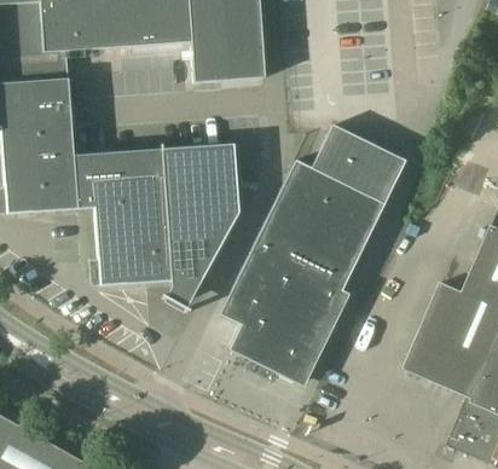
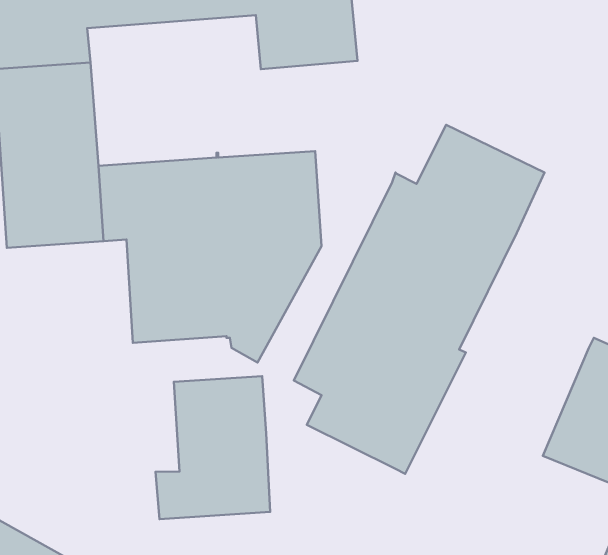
building: none -> [155,376,270,519]

